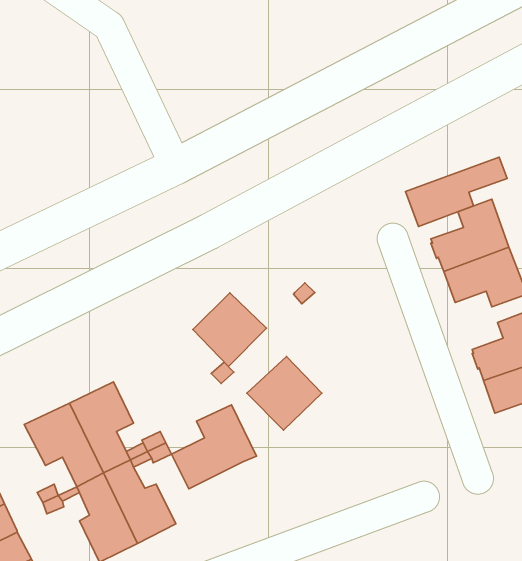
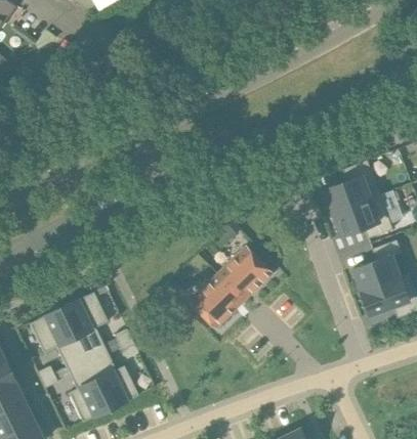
building: [406,157,507,226] -> none
building: [193,293,267,366] -> [218,247,272,300]
building: [172,405,257,489] -> none

